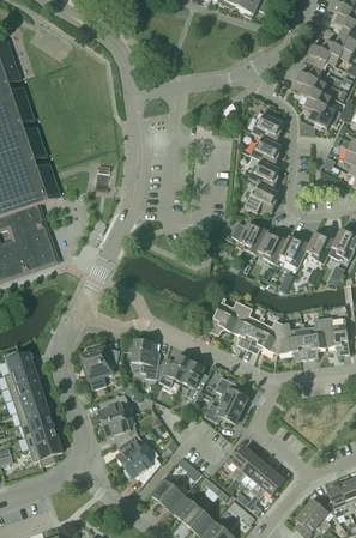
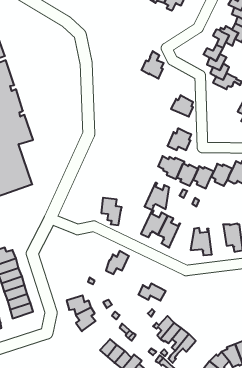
building: [252,104,283,143] -> [141,51,164,79]
building: [248,159,279,188] -> none
building: [247,315,282,353] -> [144,183,169,210]
building: [302,316,327,358] -> none
building: [132,339,161,377] -> [101,198,122,225]
building: [79,341,120,388] -> none
building: [181,361,209,407] -> none
building: [215,375,248,410] -> none
building: [98,393,128,423] -> none
building: [28,439,61,465] -> none
building: [125,452,161,483] -> none

